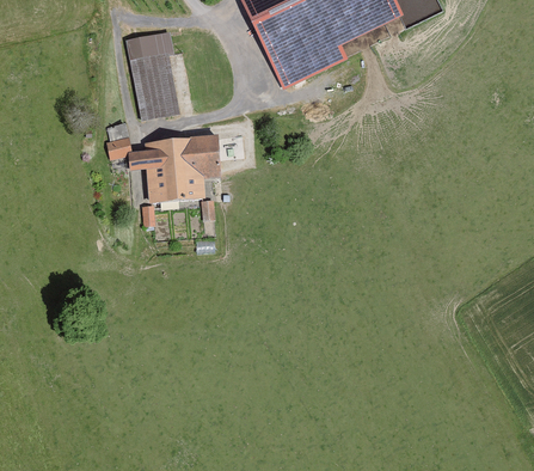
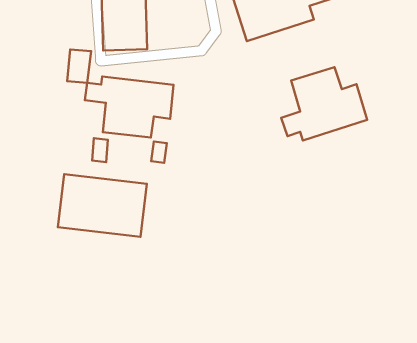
building: none -> [281,67,367,140]
building: none -> [58,174,147,237]

